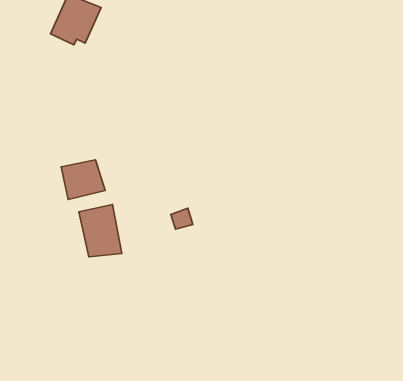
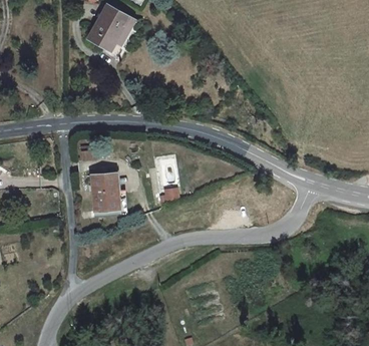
building: [61,160,105,199] -> none

